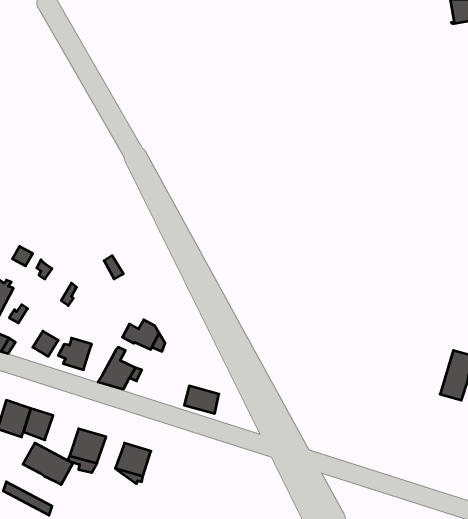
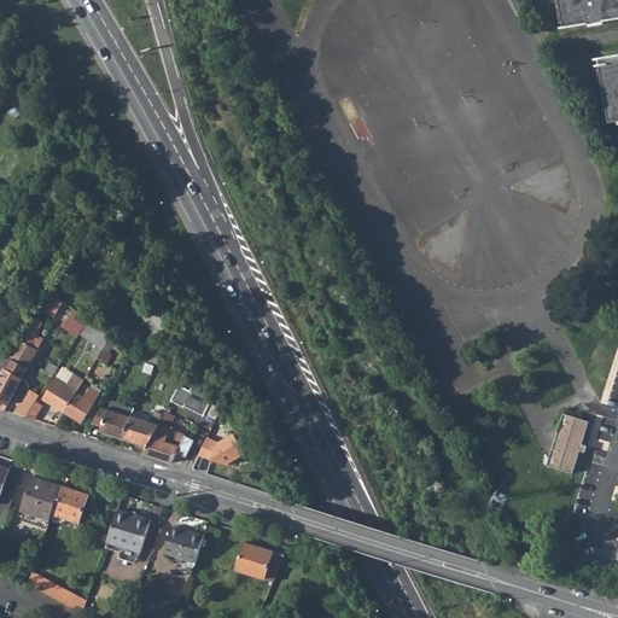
building: none -> [41,378,78,413]
building: none -> [123,410,162,447]
building: [184,386,219,413] -> [200,432,241,465]
building: [23,443,73,485] -> none
building: none -> [234,541,282,577]

